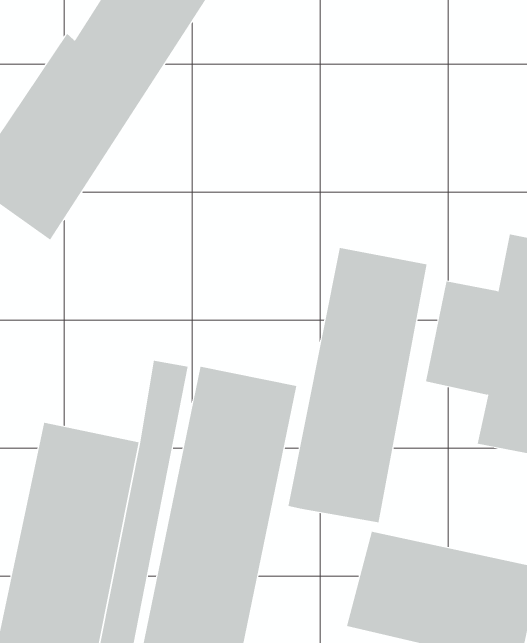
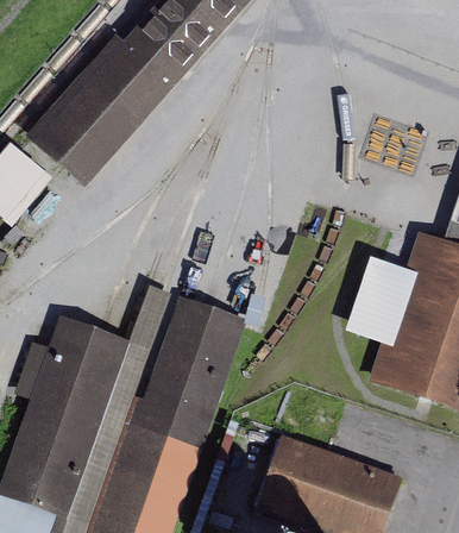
building: [288,247,427,523] -> none

